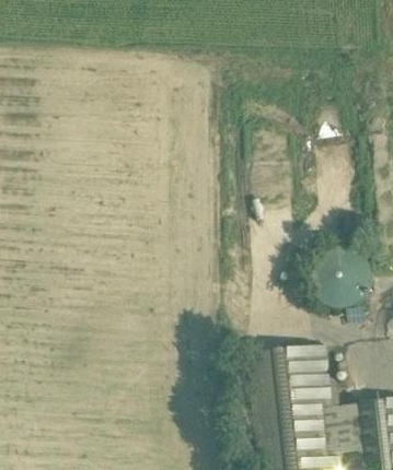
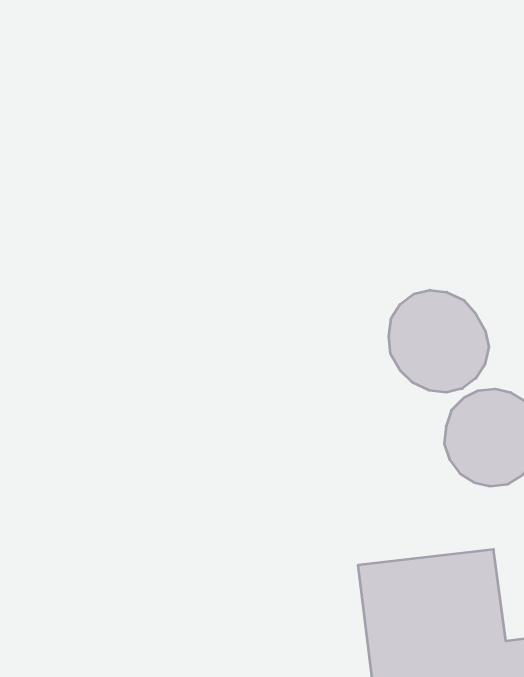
building: none -> [389,290,489,392]

